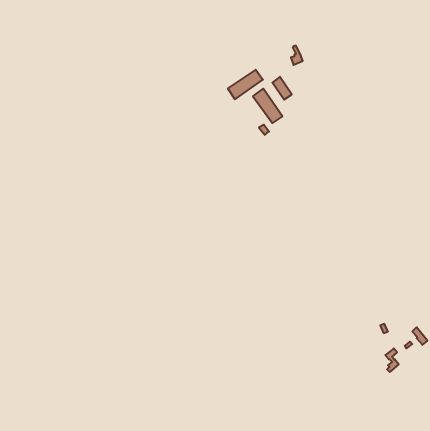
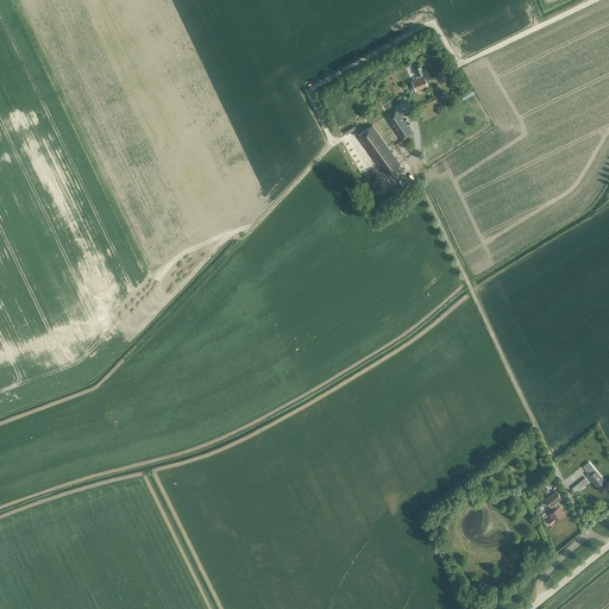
building: [228,70,263,99] -> none

